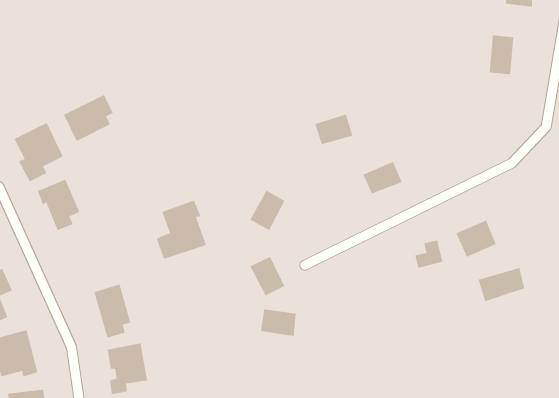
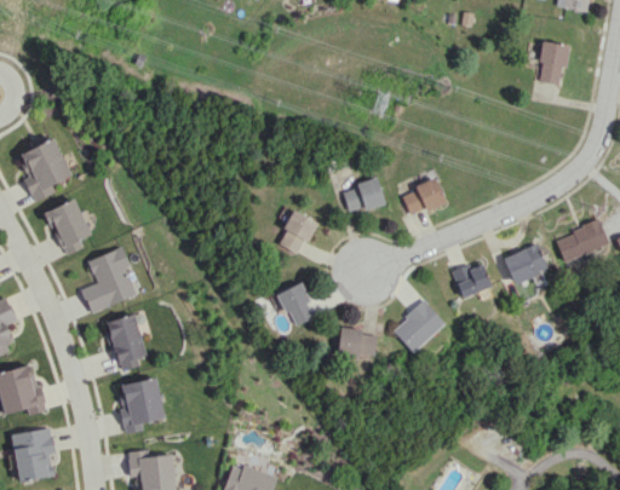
building: [63,94,114,142] -> none
building: [314,114,353,145] -> [341,179,384,213]
building: [156,200,207,260] -> [81,247,137,312]
building: [478,267,525,302] -> [555,223,607,260]
building: none -> [390,301,443,352]
building: [260,309,297,337] -> [335,328,375,358]

